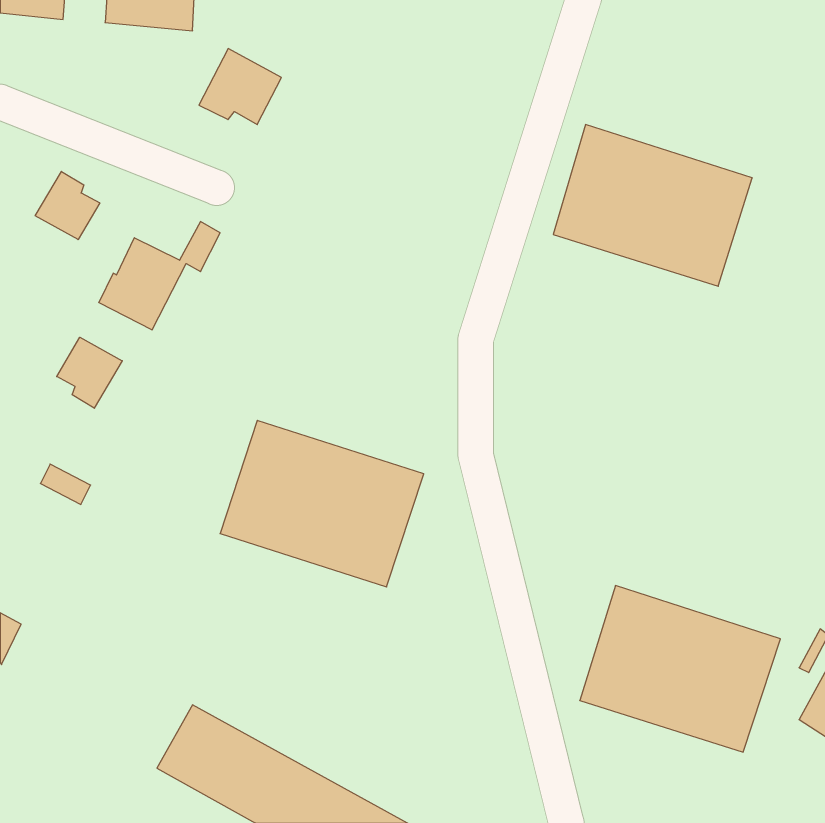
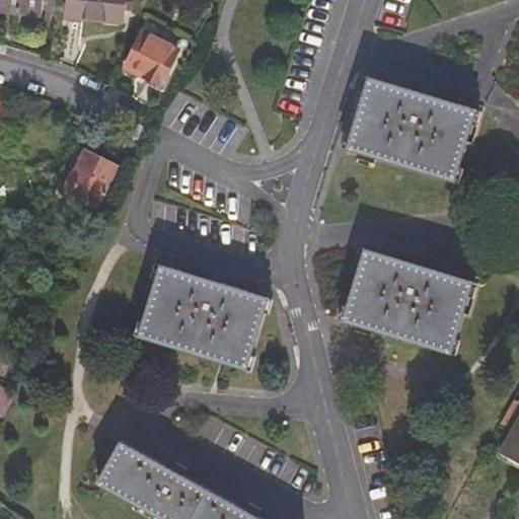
building: [35,171,100,240] -> none
building: [57,337,122,408] -> none
building: [580,586,780,752] -> [344,249,469,354]

